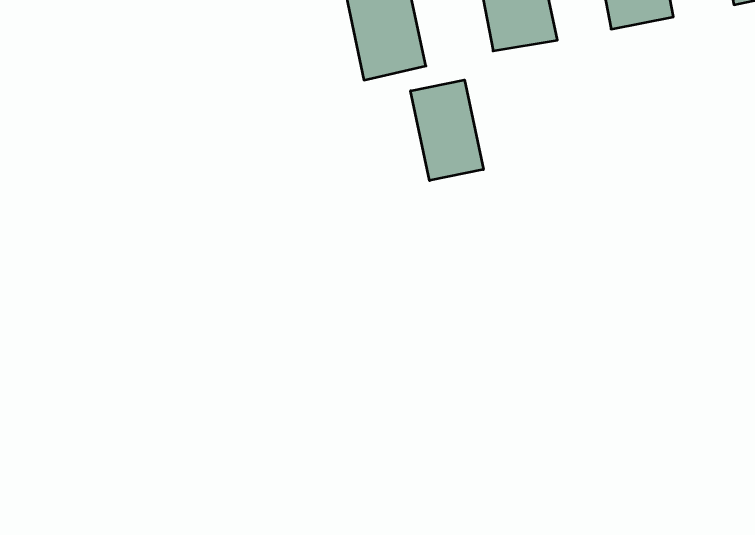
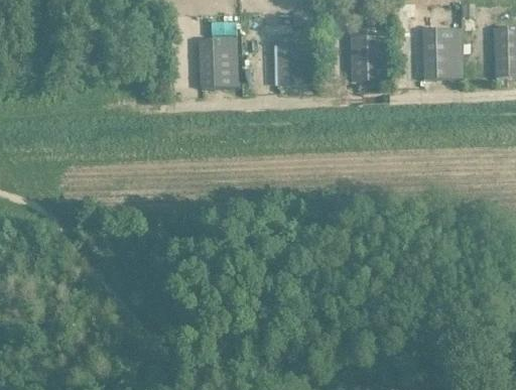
building: none -> [199,37,237,88]
building: [411,80,483,181] -> none

